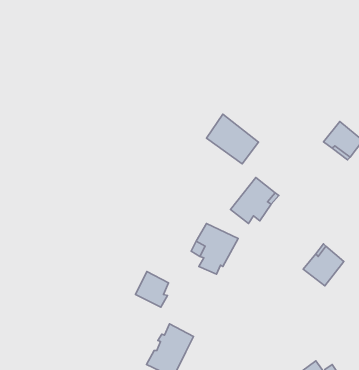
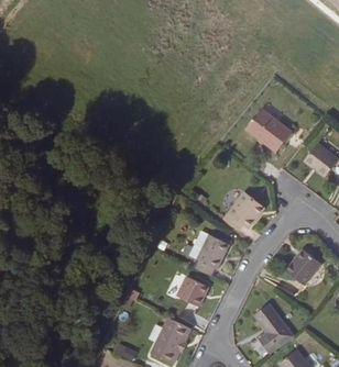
building: [206,114,259,164] -> [247,108,292,151]
building: [136,271,169,307] -> [177,275,206,305]
building: none -> [254,303,294,353]

